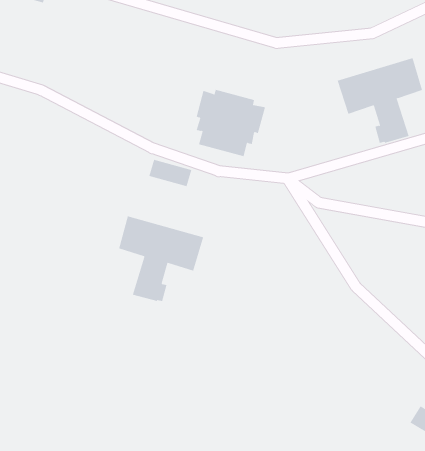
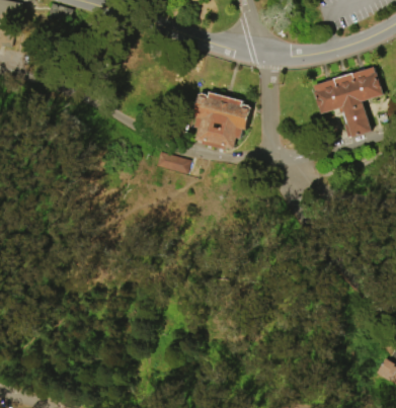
building: [118,215,204,302] -> none

